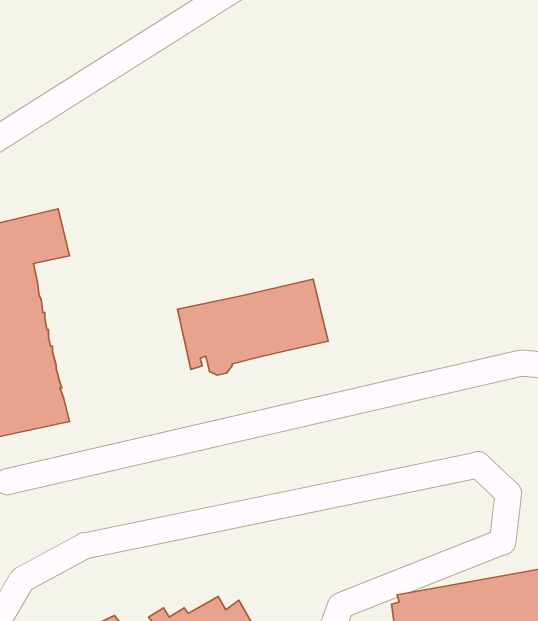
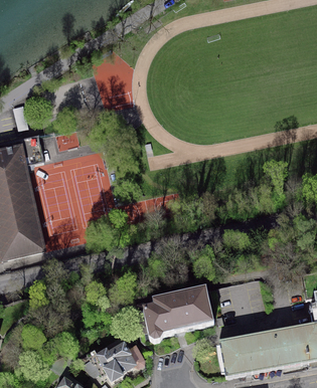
building: [178,279,328,375] -> [133,287,213,339]

